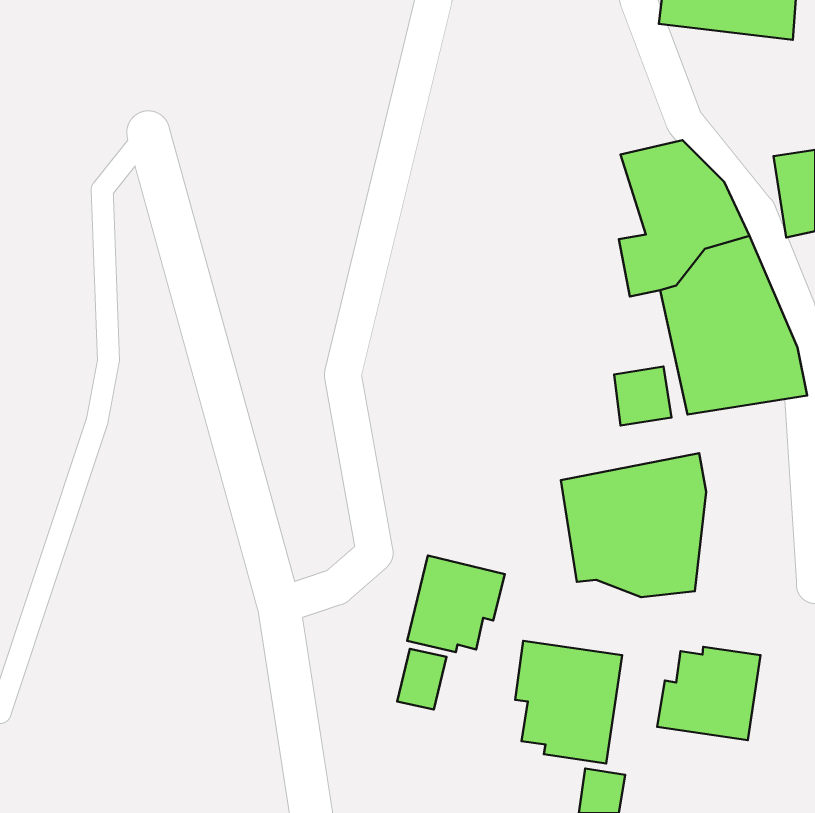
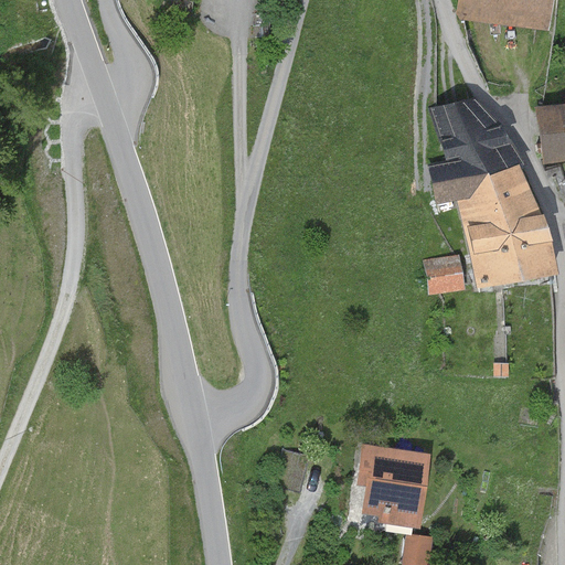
building: [561,453,706,597] -> none
building: [407,555,505,652] -> none
building: [657,647,761,740] -> none

